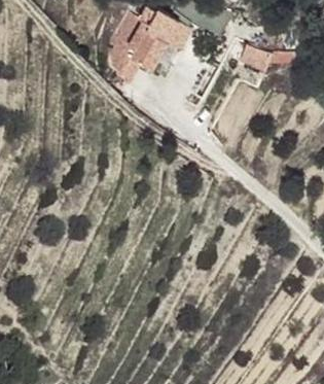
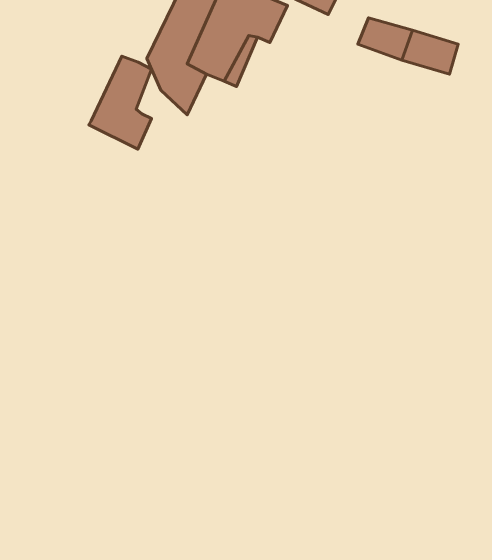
building: none -> [89,56,152,149]

